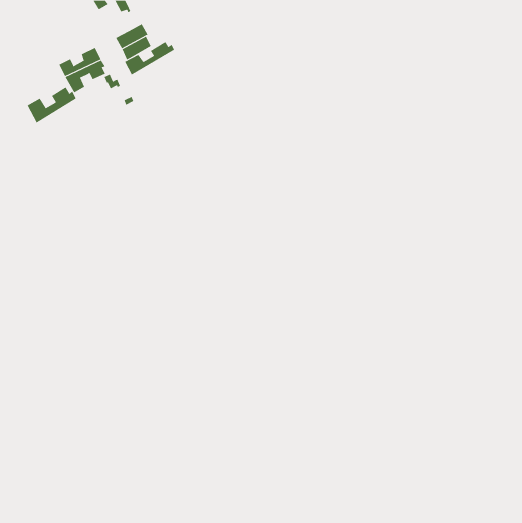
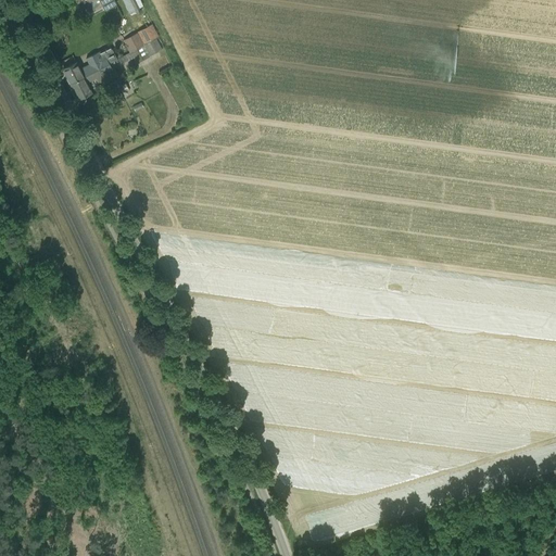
building: [125,41,175,76] -> none
building: [27,86,77,124] -> none

